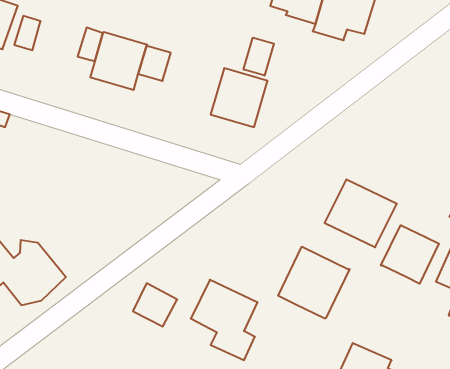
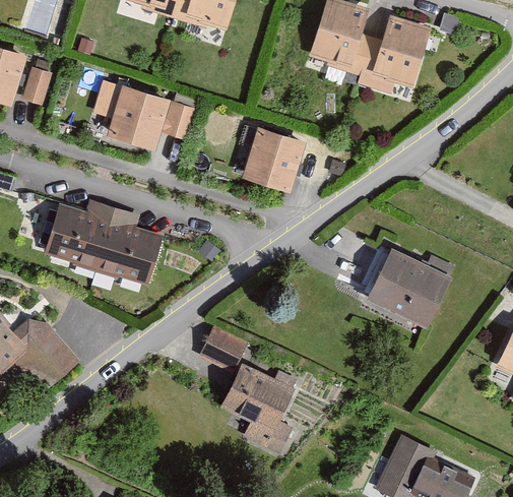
building: [244,38,274,76] -> none
building: none -> [47,201,166,288]
building: [381,225,439,284] -> none
building: [278,247,350,318] -> none
building: [133,283,177,327] -> [198,324,248,373]

